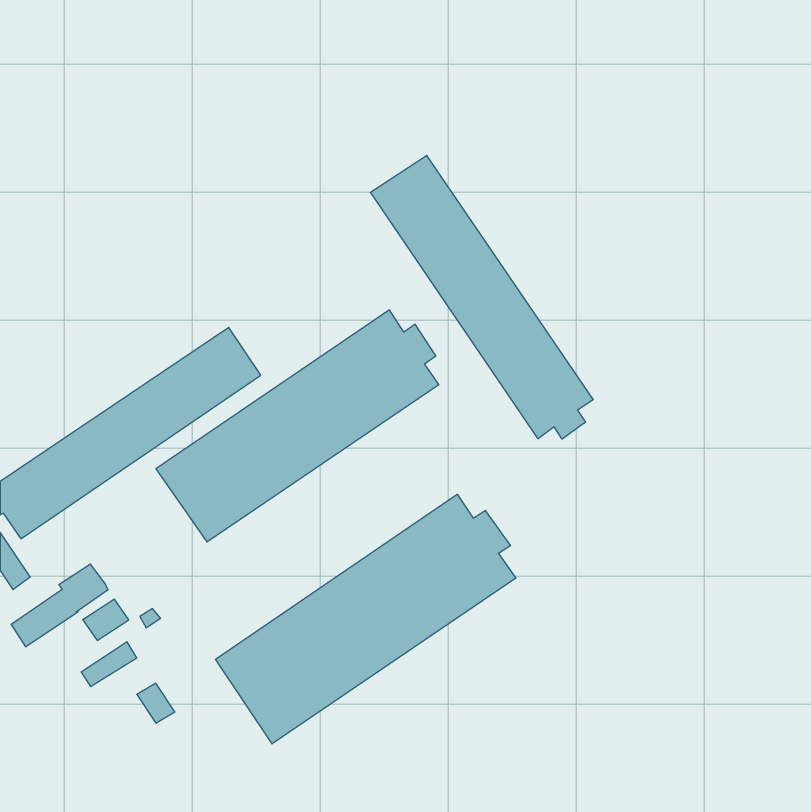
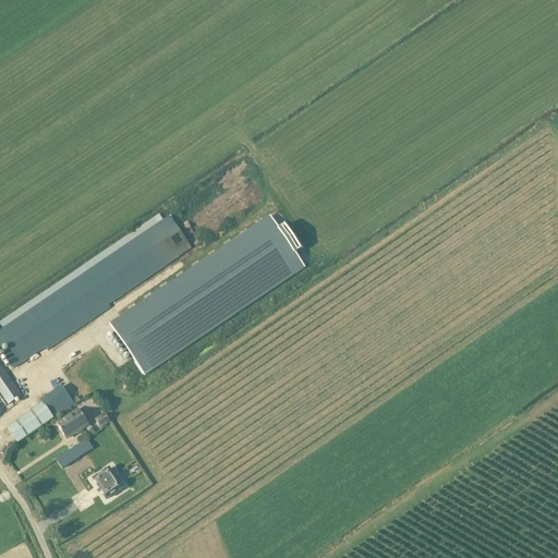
building: [370,155,593,439] -> none
building: [216,494,516,744] -> none

